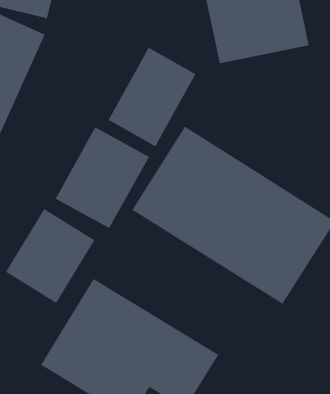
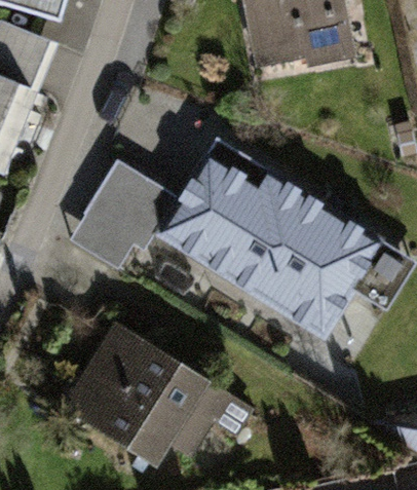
building: [108,47,196,147] -> none
building: [5,208,95,304] -> none

